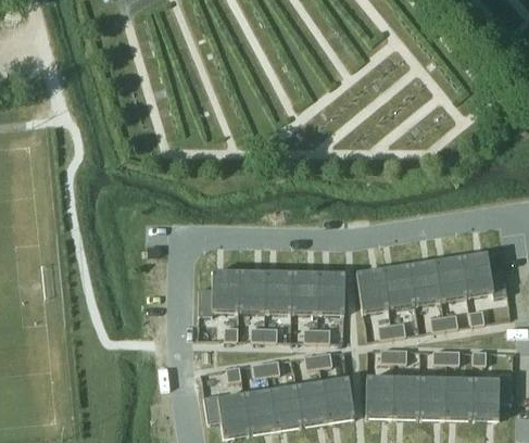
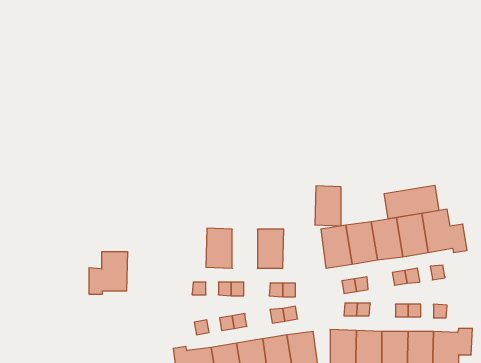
building: none -> [384,185,439,219]
building: [199,271,239,315] -> [89,252,128,294]
building: [265,273,291,313] -> none
building: [317,273,344,314] -> [315,186,341,226]

